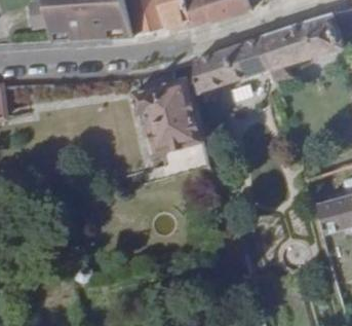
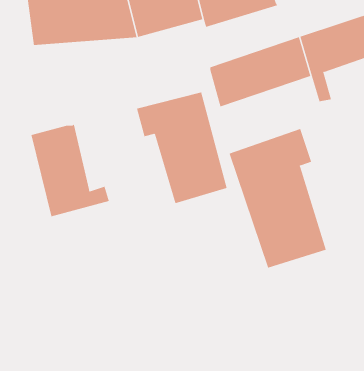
building: none -> [31,124,110,217]
building: none -> [229,128,327,268]

